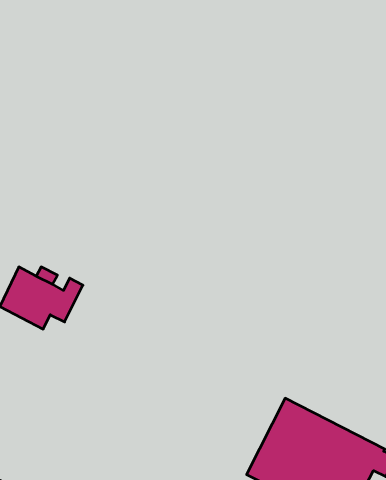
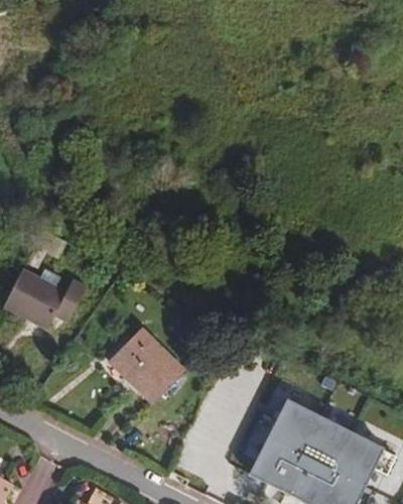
building: none -> [109,329,183,403]

